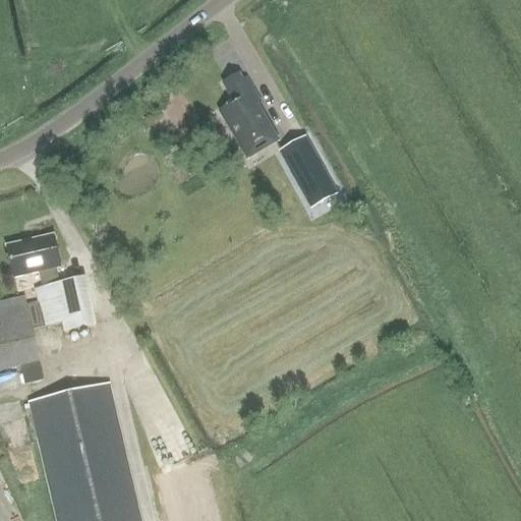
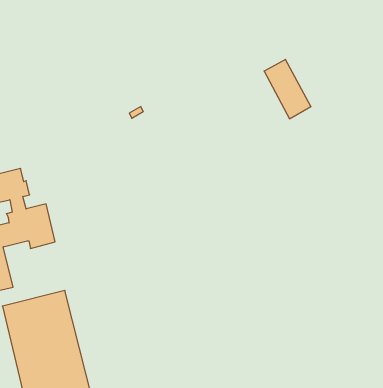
building: [220,72,275,150] -> none
building: [280,135,338,209] -> [264,59,311,119]

